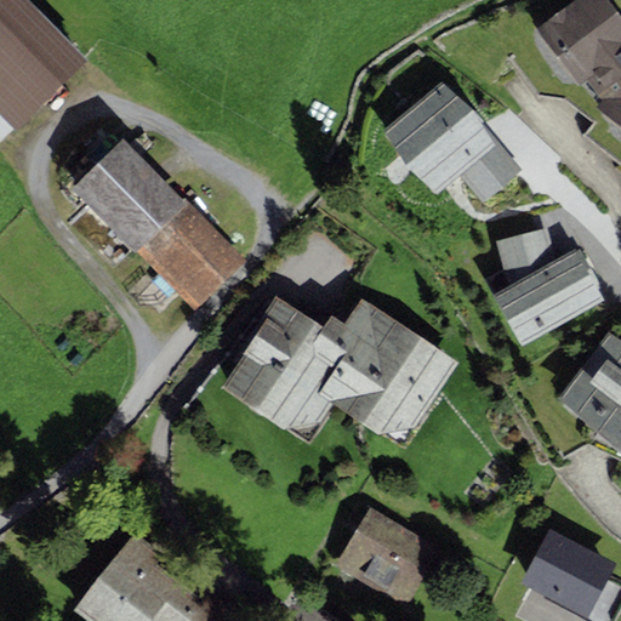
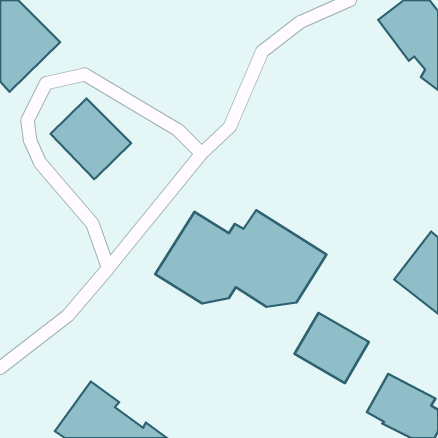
building: [380,78,520,203] -> none
building: [136,201,245,310] -> none
building: [492,227,604,346] -> none
building: [336,508,441,608] -> [294,313,369,383]

